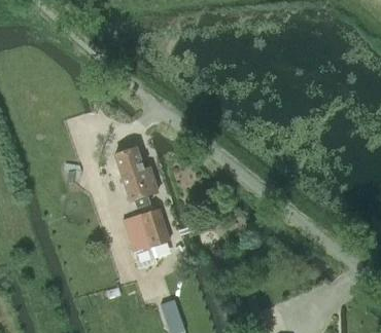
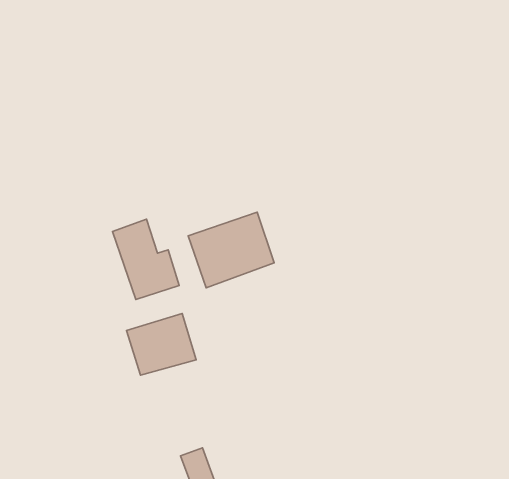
building: none -> [188,212,274,288]

